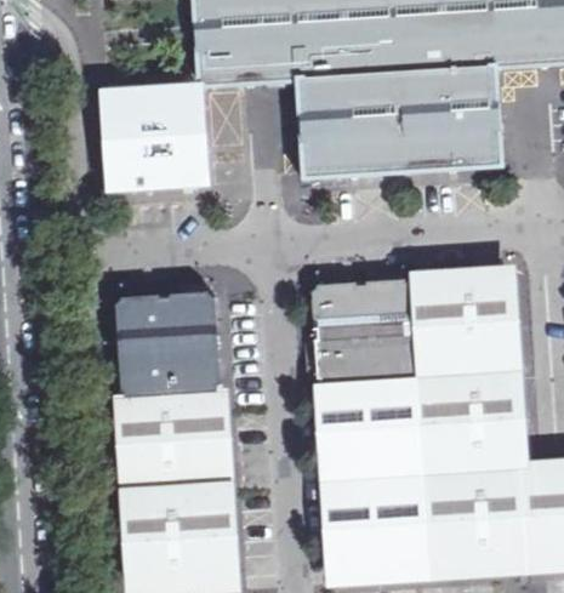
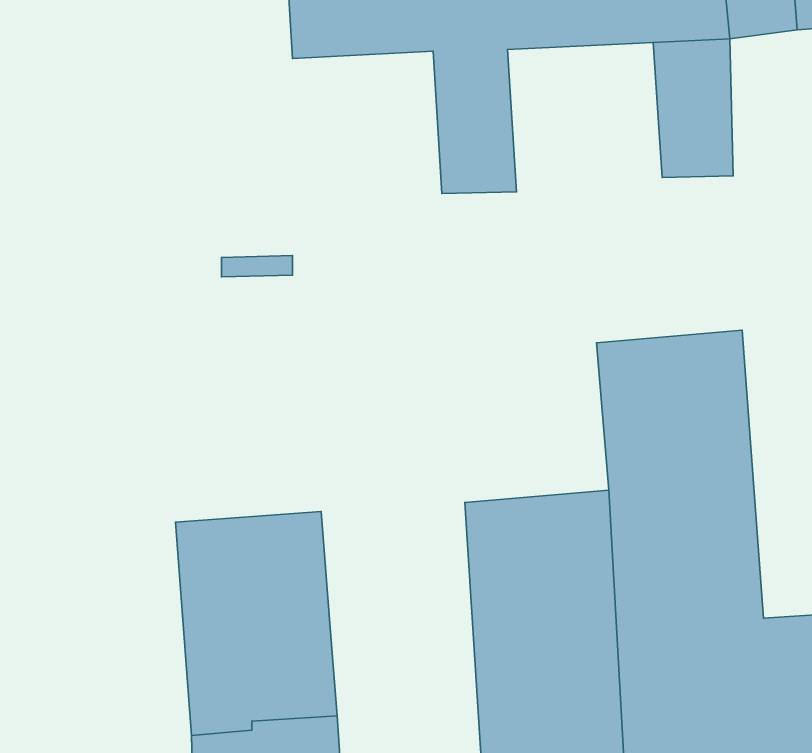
building: [348,75,454,177] -> none
building: [102,86,210,193] -> none
building: [311,280,417,389] -> none
building: [114,291,221,403] -> none

